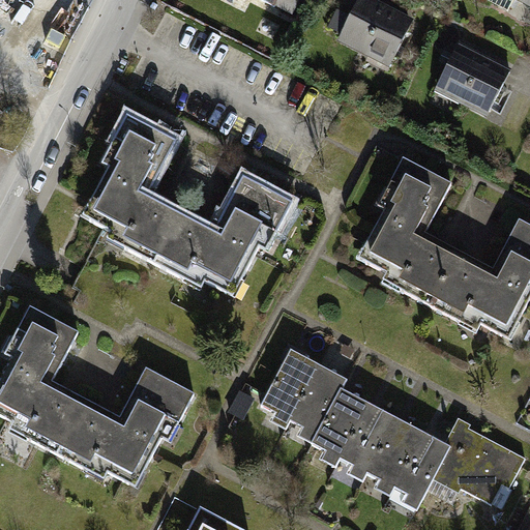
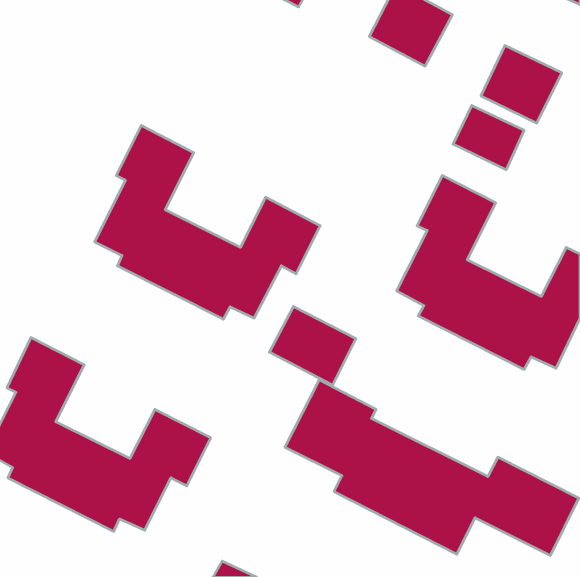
building: none -> [453,105,524,170]
building: none -> [269,306,356,385]

